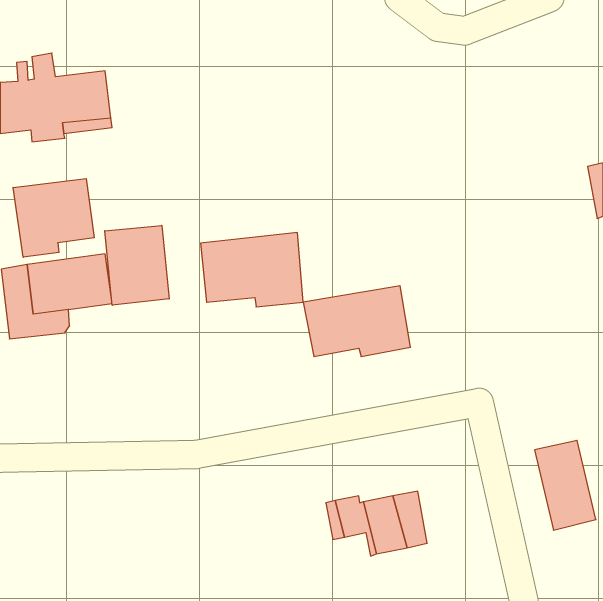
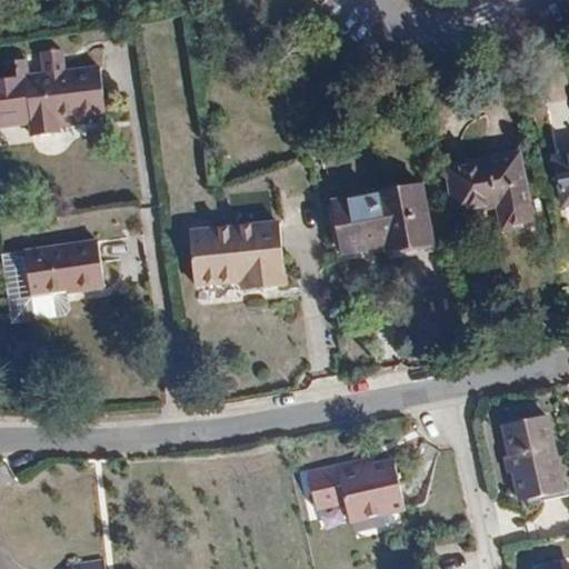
building: none -> [447,151,533,230]
building: [13,179,94,257] -> none
building: [105,225,169,305] -> none
building: [303,286,411,357] -> [332,184,433,251]

